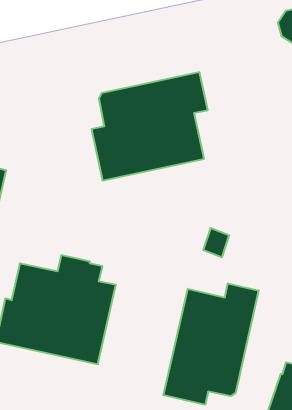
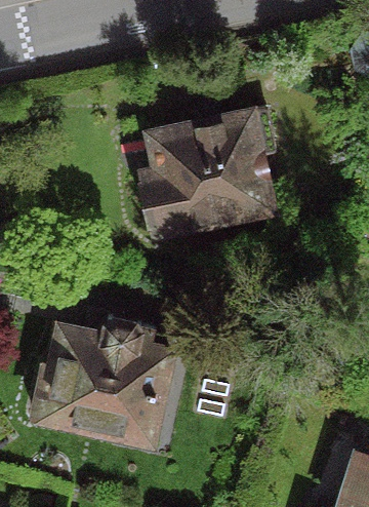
building: [163,283,259,405] -> none

